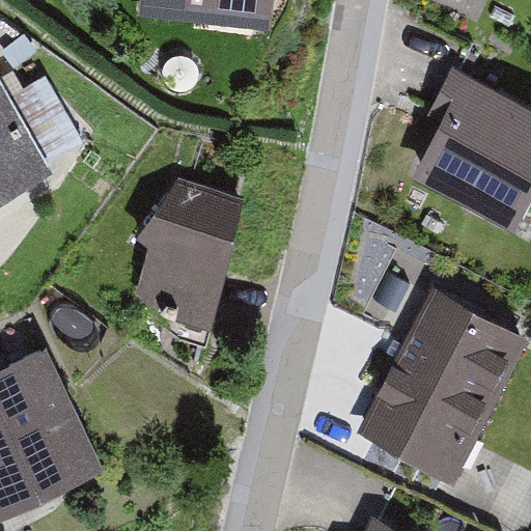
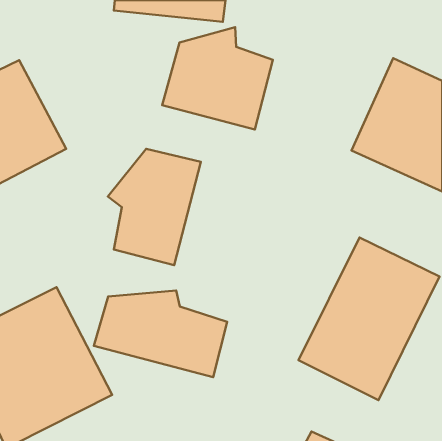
building: none -> [162,27,273,129]
building: none -> [94,290,227,377]

